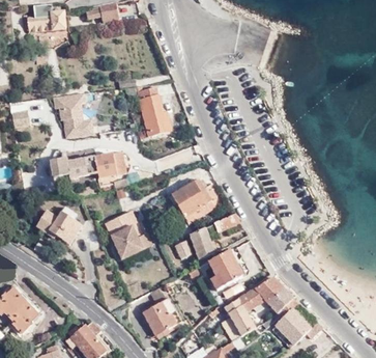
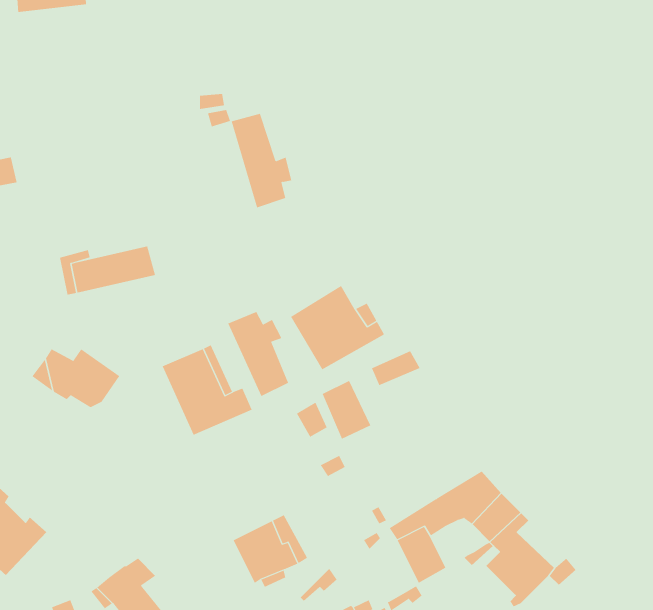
building: [54,99,95,142] -> none
building: [96,153,125,173] -> none
building: none -> [228,311,289,397]
building: [207,250,239,285] -> none

